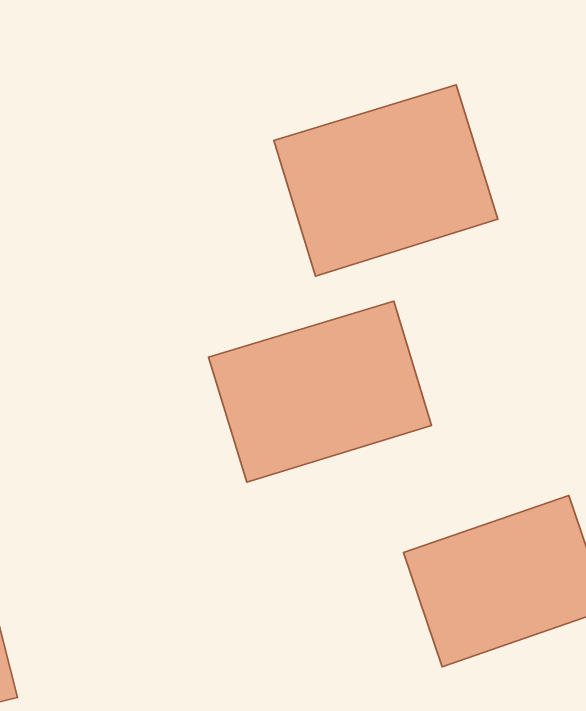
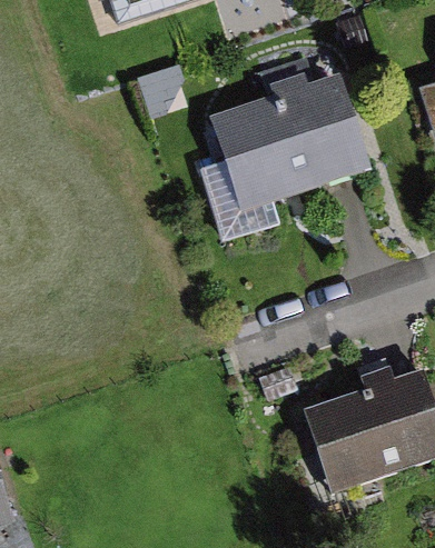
building: [208,301,431,482] -> none

